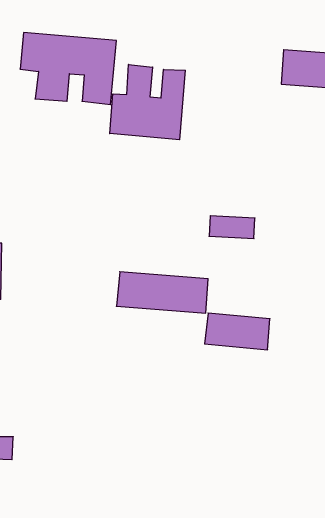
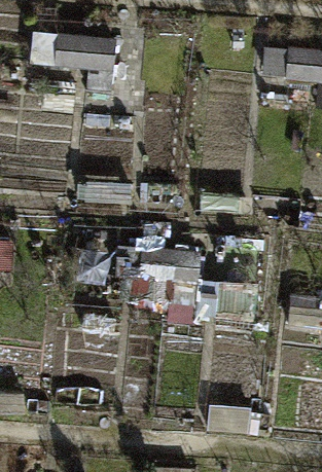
building: [110,64,185,140] -> none

